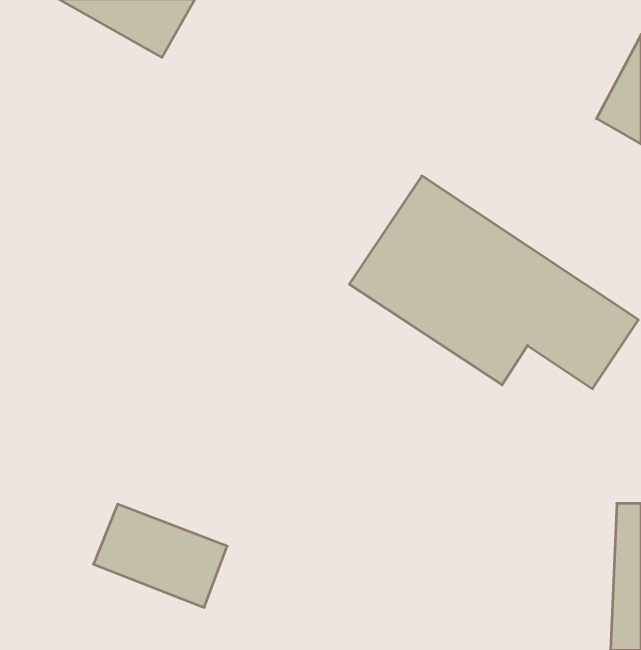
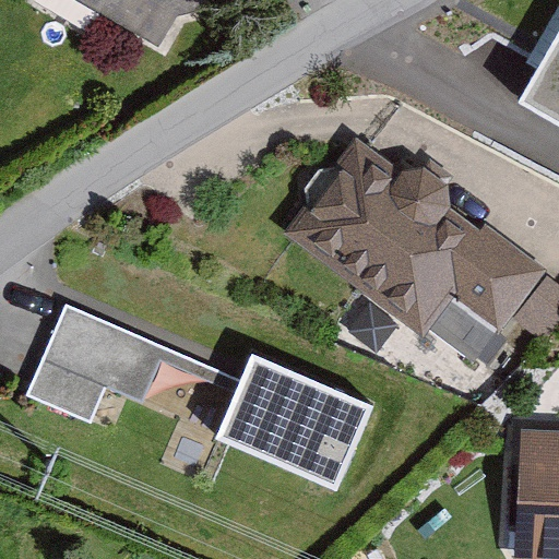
building: none -> [231,357,378,480]
building: [93,504,227,607] -> [41,307,156,395]

